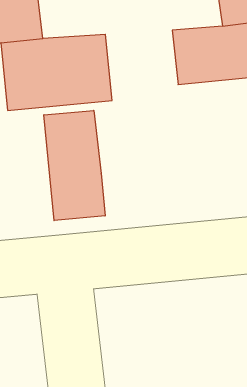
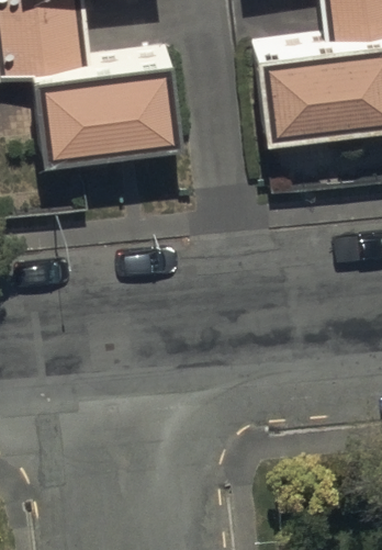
building: [44,110,105,221] -> none

